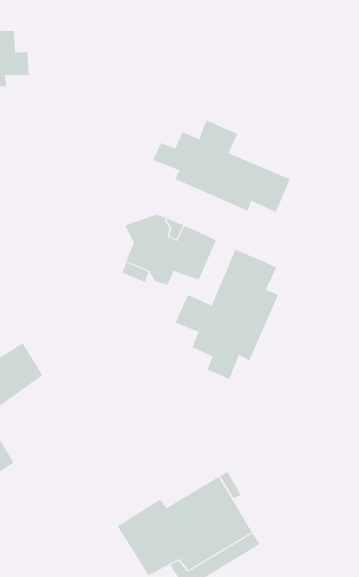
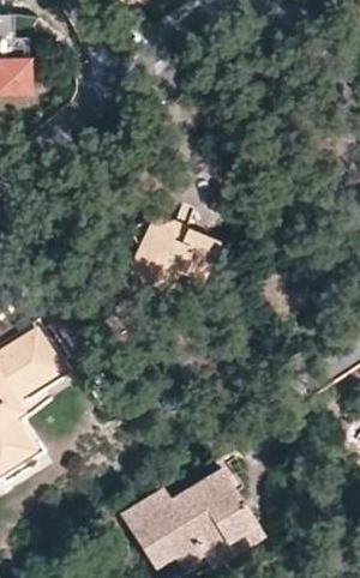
building: [152,120,291,213] -> none
building: [175,249,279,380] -> none

